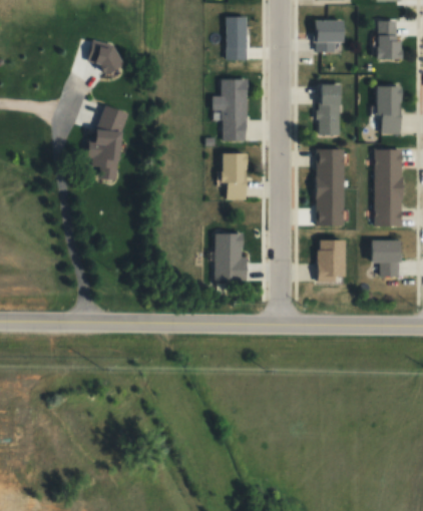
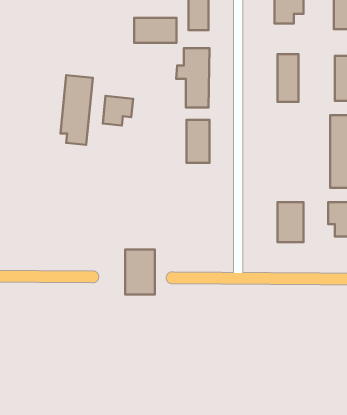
building: [86,42,124,73] -> none
building: none -> [134,18,177,43]
building: none -> [103,96,133,125]
building: [315,149,343,226] -> none
building: [214,233,245,281] -> [125,250,155,295]

